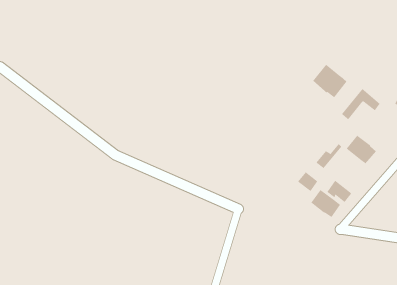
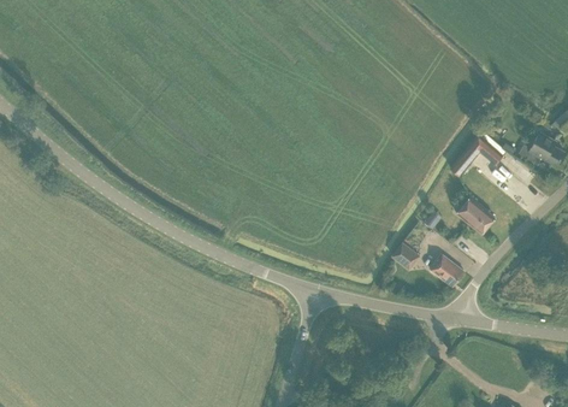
building: [312,64,347,98] -> none
building: [310,189,341,218] -> none

